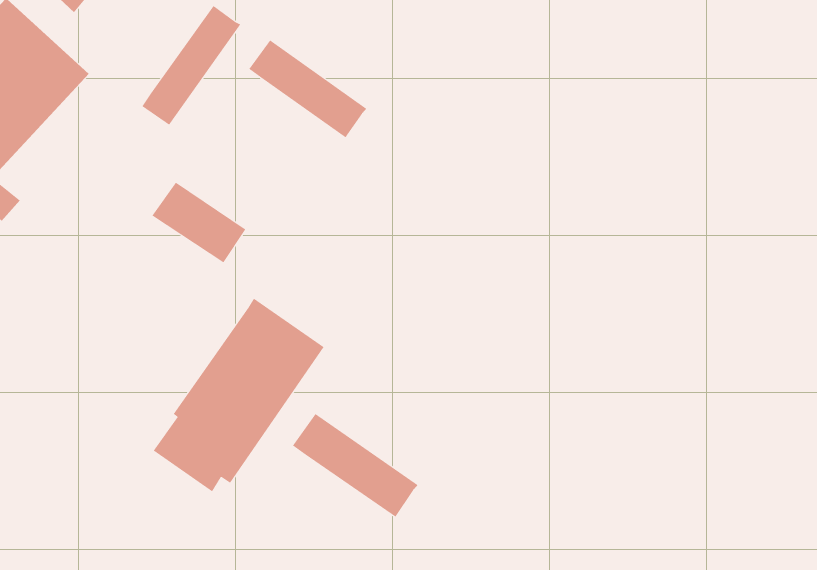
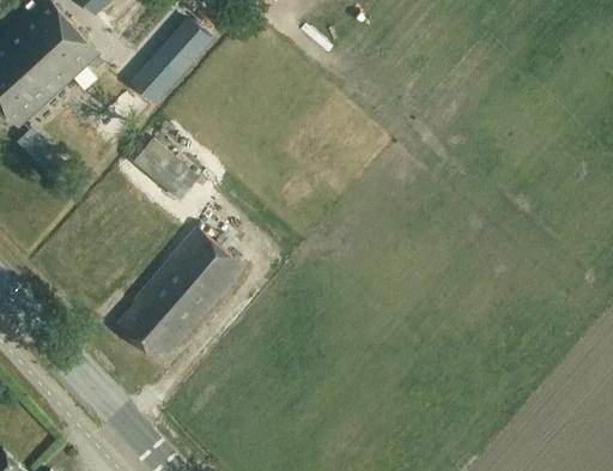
building: [248,39,367,138] -> none
building: [292,413,419,517] -> none

